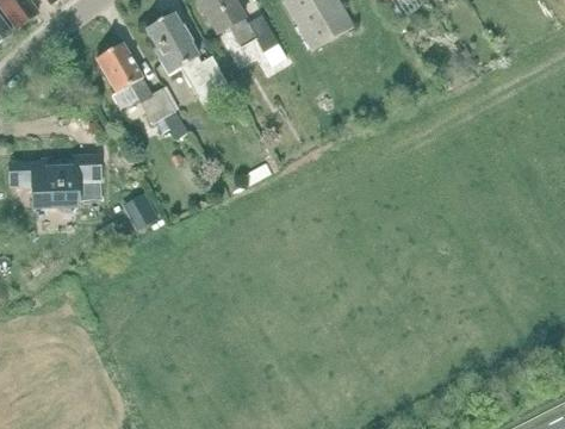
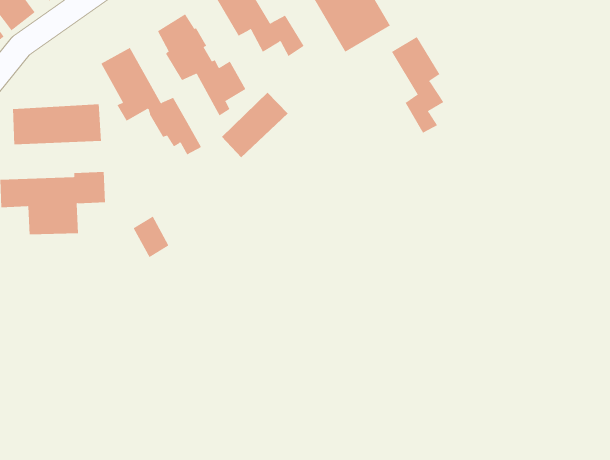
building: none -> [391,36,444,133]
building: none -> [221,92,288,158]
building: none -> [12,103,101,145]

